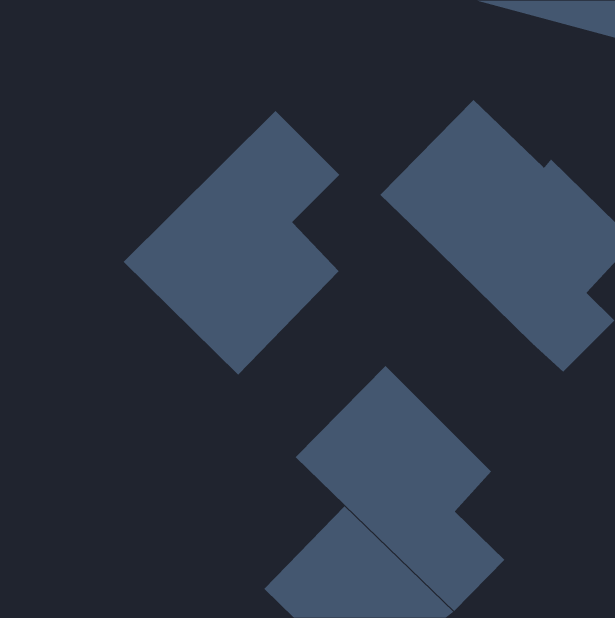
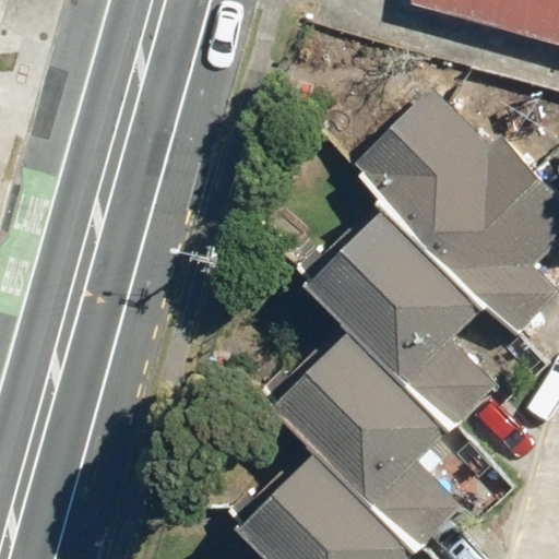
building: [123,110,340,376] -> none
building: none -> [307,212,493,426]

